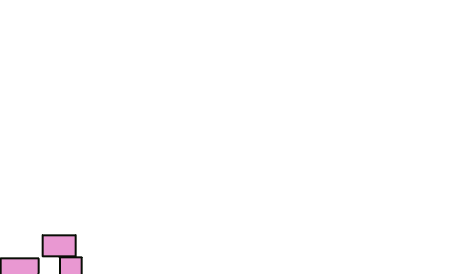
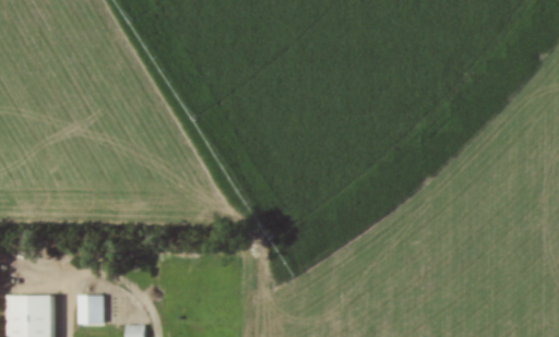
building: [43,235,76,256] -> none

